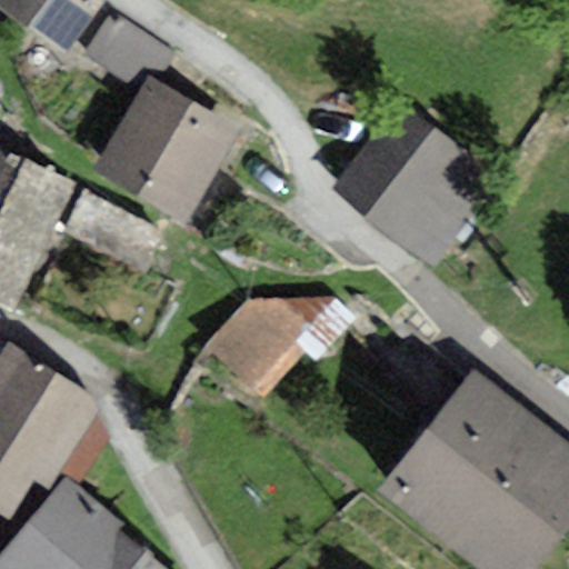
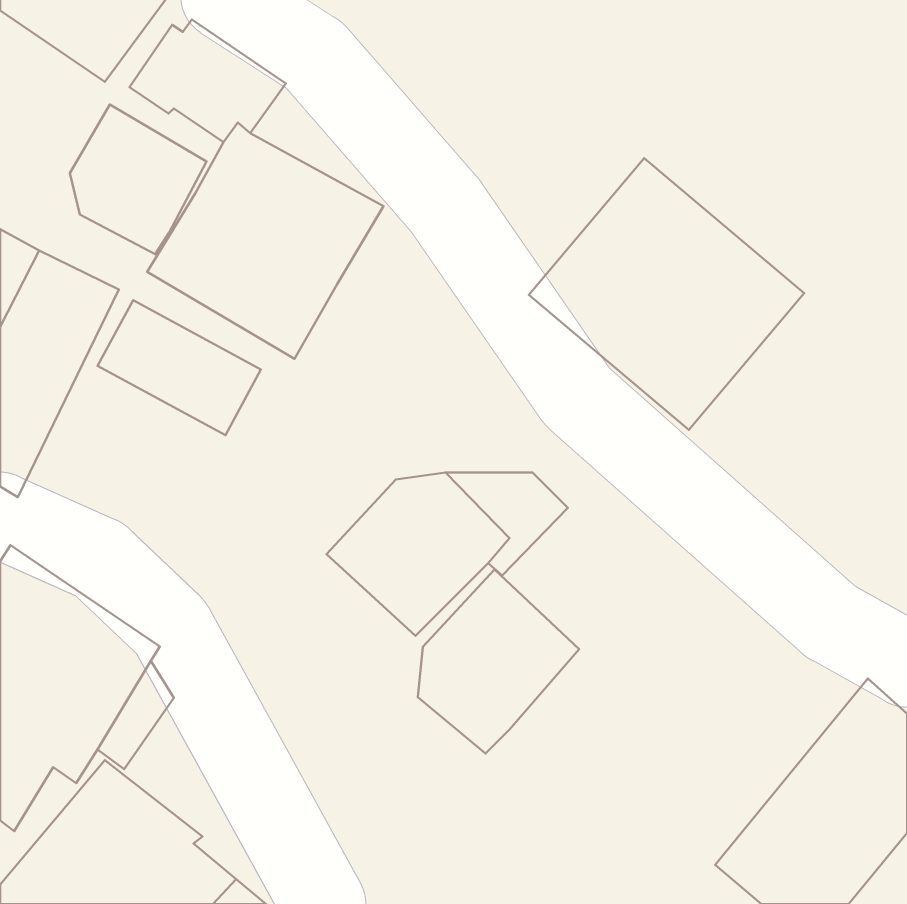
building: none -> [70,105,206,254]
building: none -> [418,570,579,754]
building: [378,369,543,541] -> none

